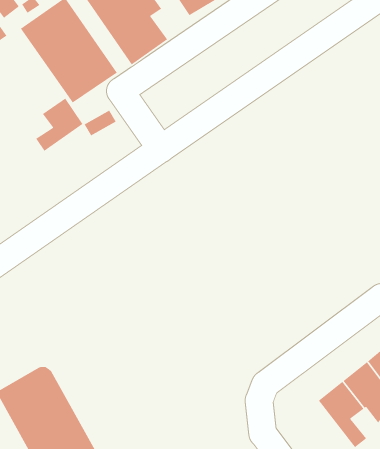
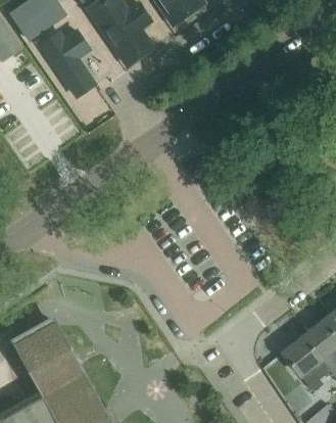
building: [35,98,84,152] -> none

